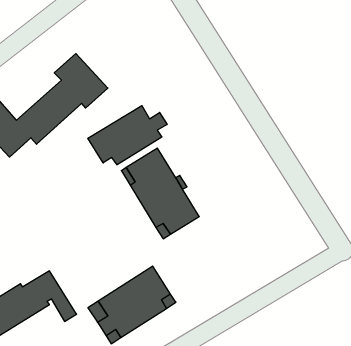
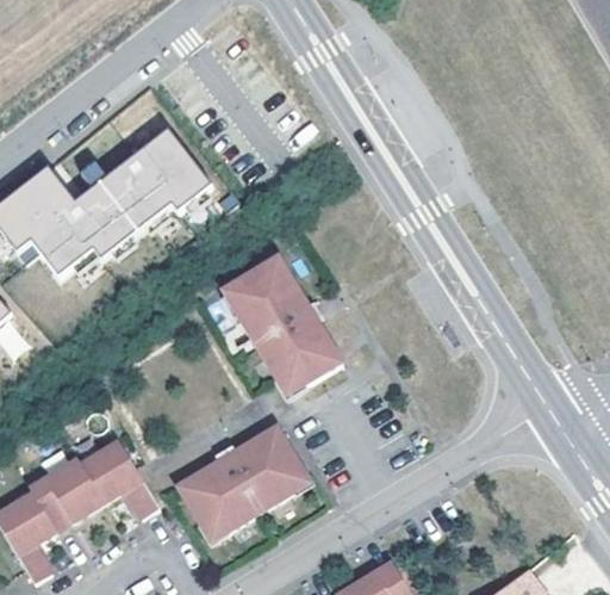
building: [88,106,167,165] -> none

